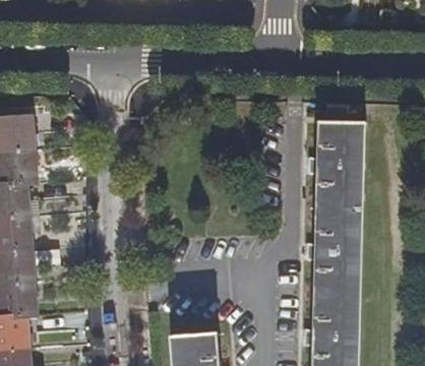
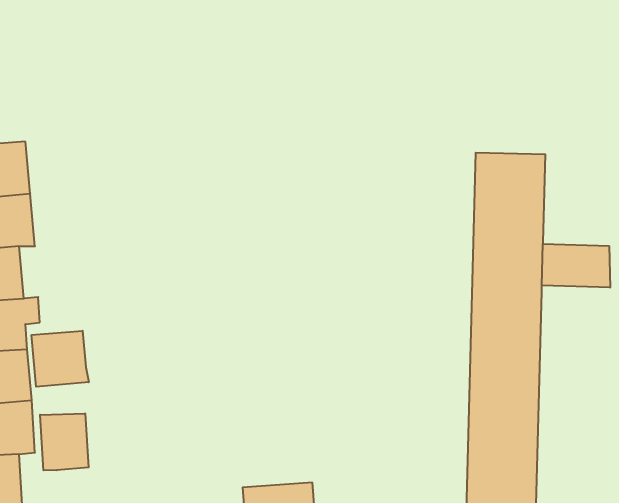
building: none -> [542,244,610,288]
building: none -> [32,331,89,387]
building: none -> [40,413,89,470]

